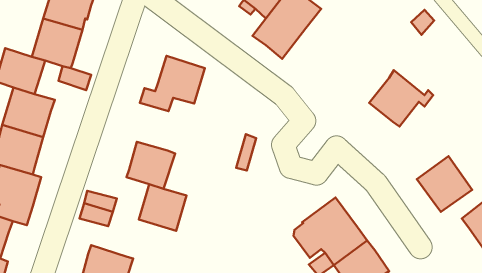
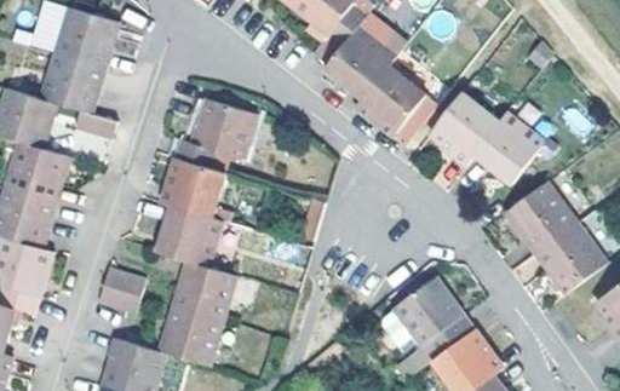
building: none -> [354,61,430,139]
building: none -> [427,94,495,163]
building: none -> [166,155,229,215]
building: none -> [501,182,570,252]
building: none -> [163,303,225,364]

